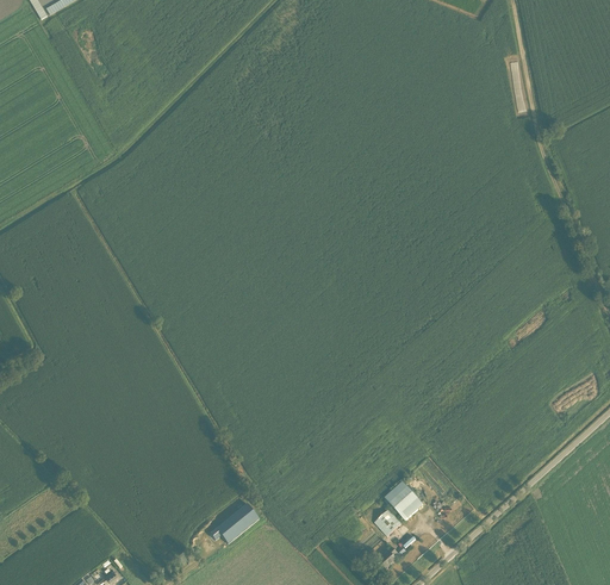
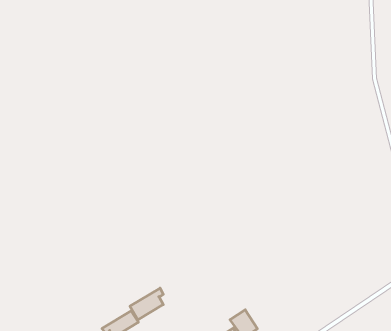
building: none -> [130,288,163,320]

